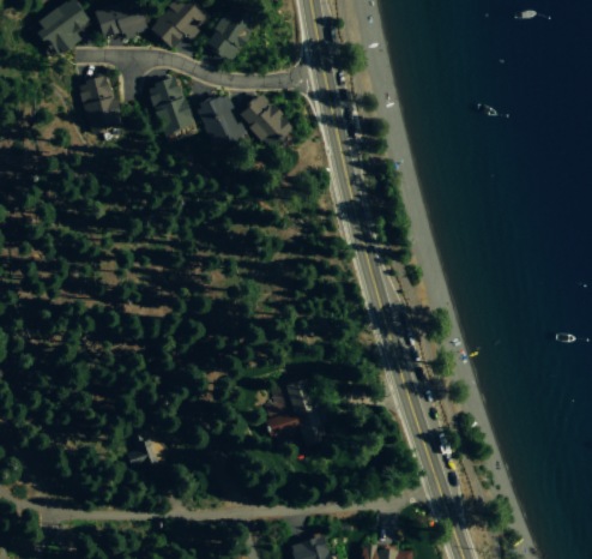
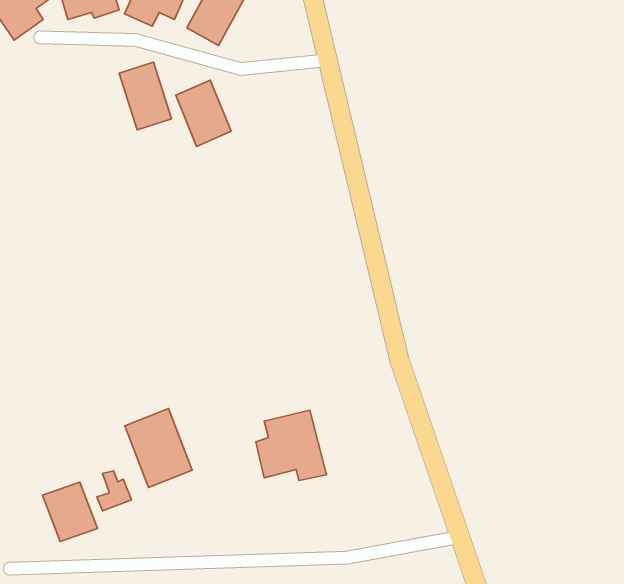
building: [78,76,123,134] -> none
building: [238,92,292,149] -> none
building: none -> [125,408,192,488]
building: none -> [43,482,98,542]

